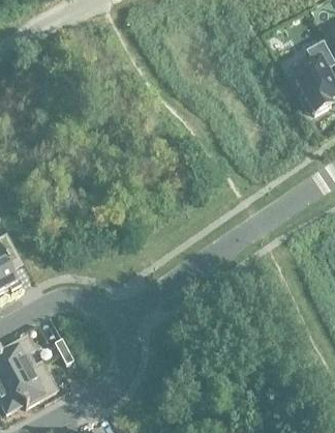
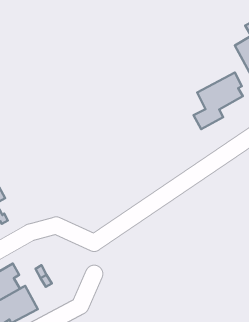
building: none -> [193,72,243,129]

